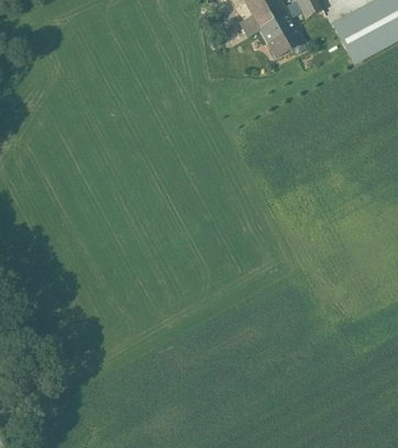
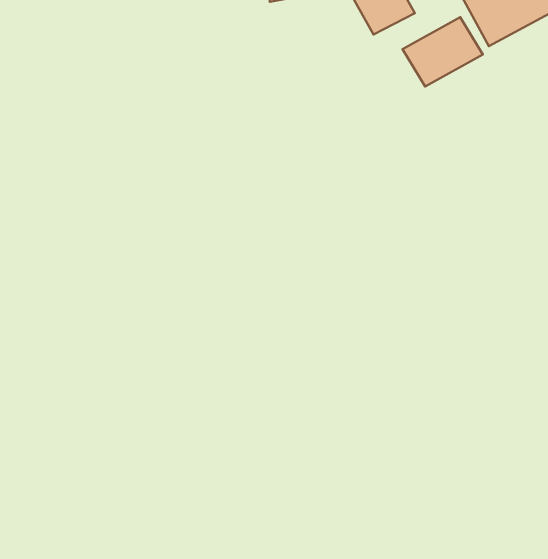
building: none -> [402,17,483,86]

